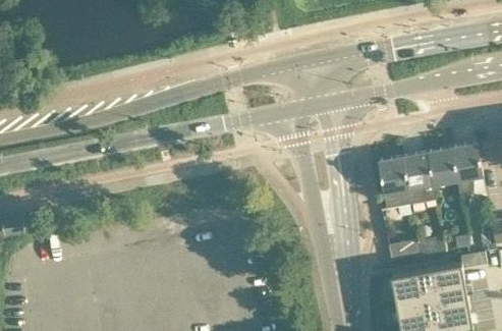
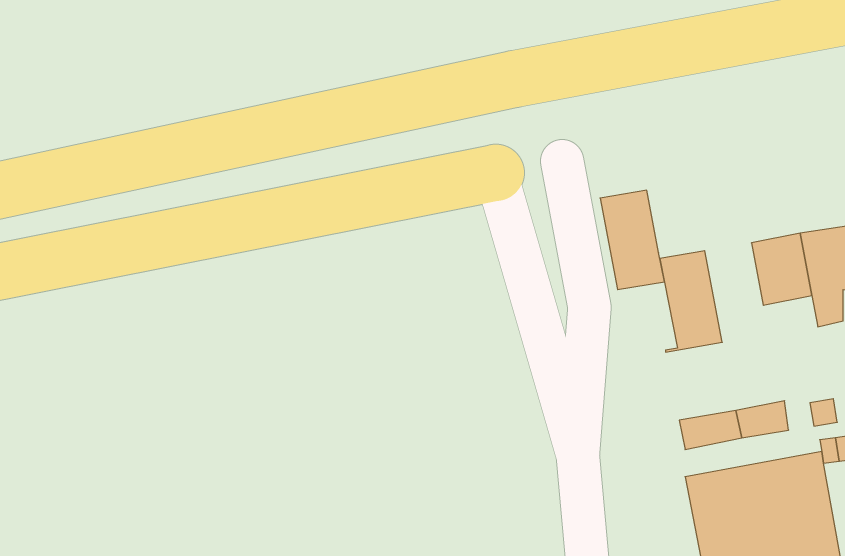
building: [402,153,436,205] -> [600,190,664,290]

